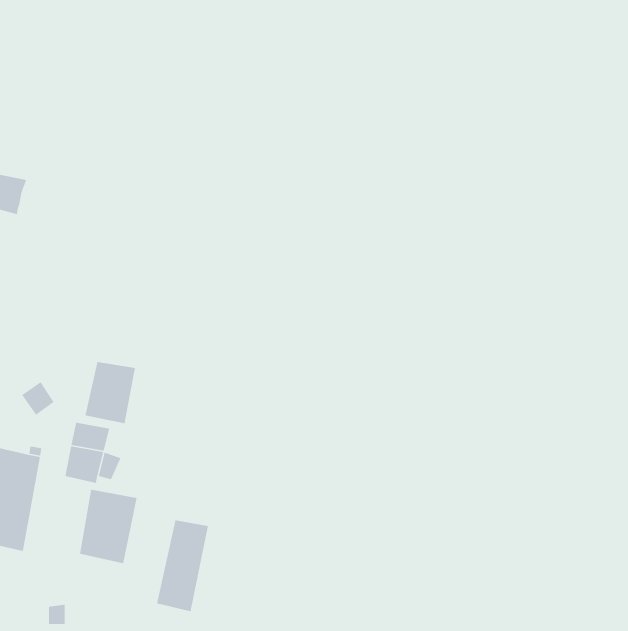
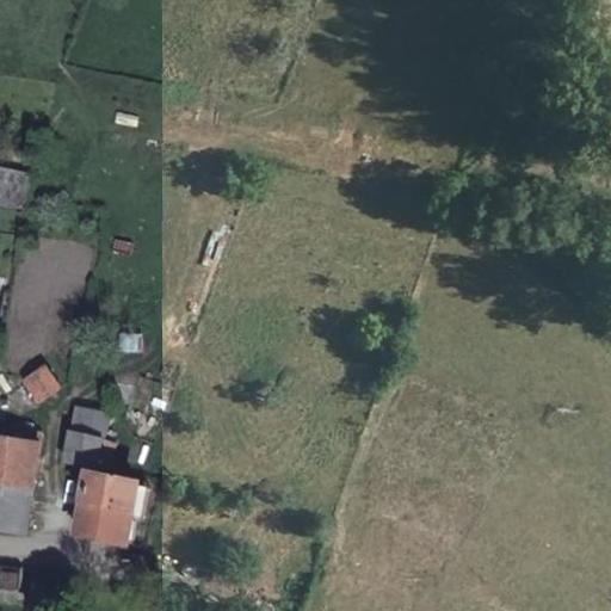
building: [85,361,136,424] -> none
building: [156,520,209,612] -> none

